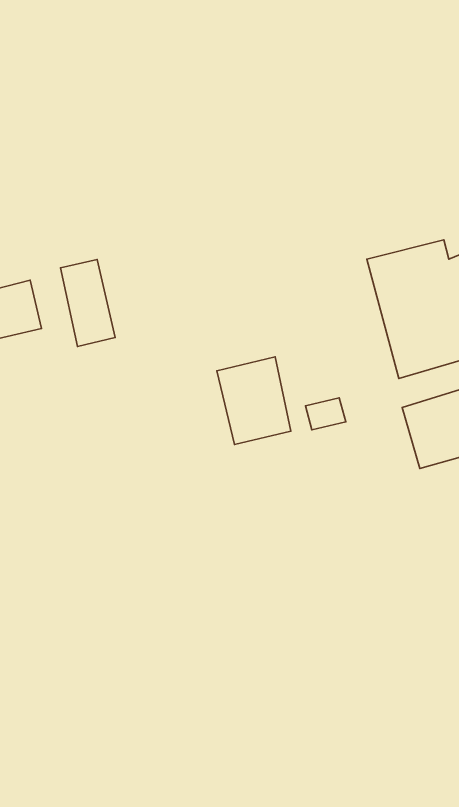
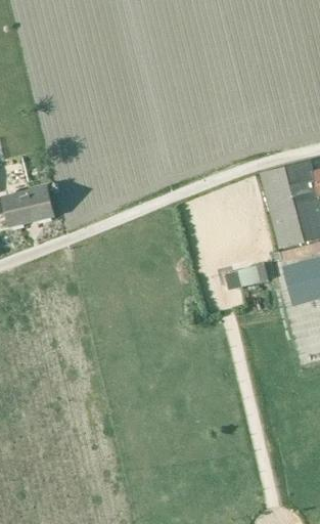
building: [60,260,115,346] -> none
building: [217,357,291,444] -> none

